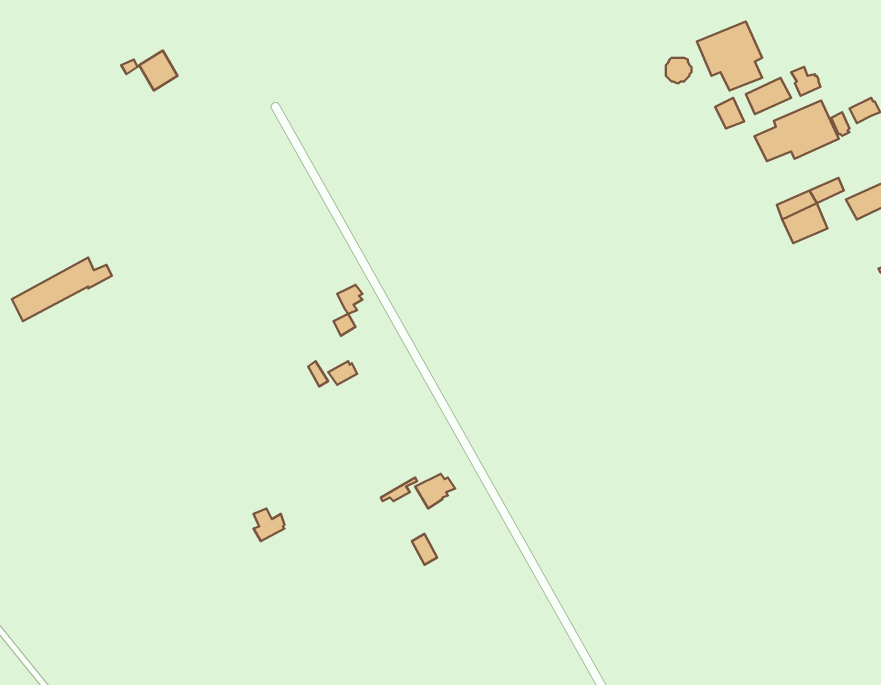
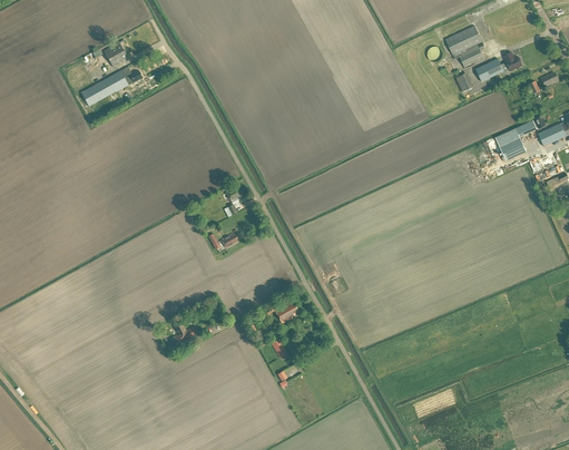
building: [755,100,839,161] -> none
building: [12,257,112,321] -> [81,66,143,105]

